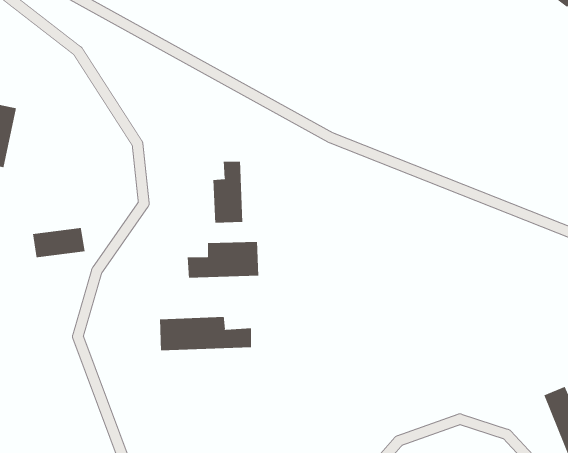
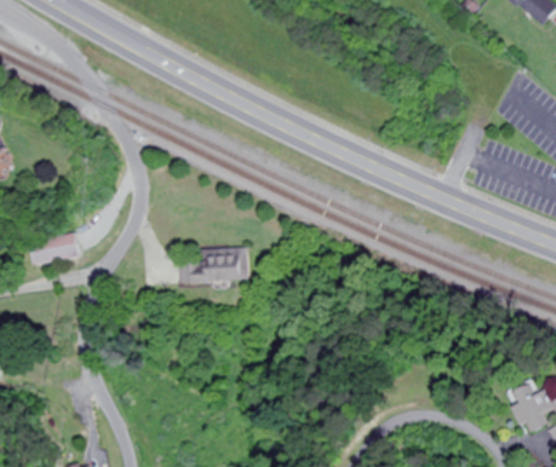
building: [213,161,243,224] -> none
building: [159,316,251,351] -> none

